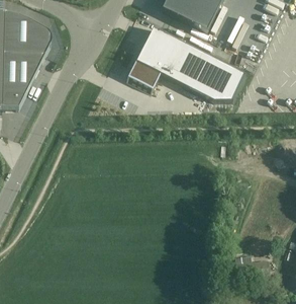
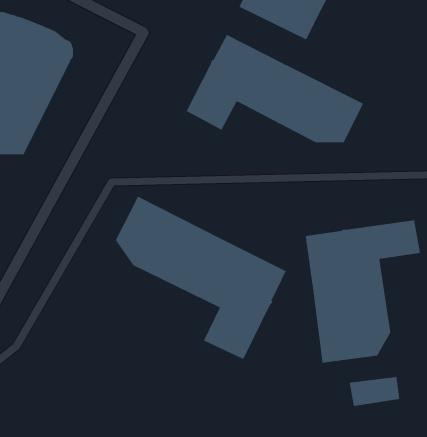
building: none -> [115,196,286,360]
building: none -> [305,219,421,363]

